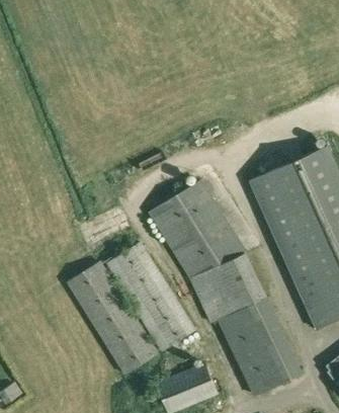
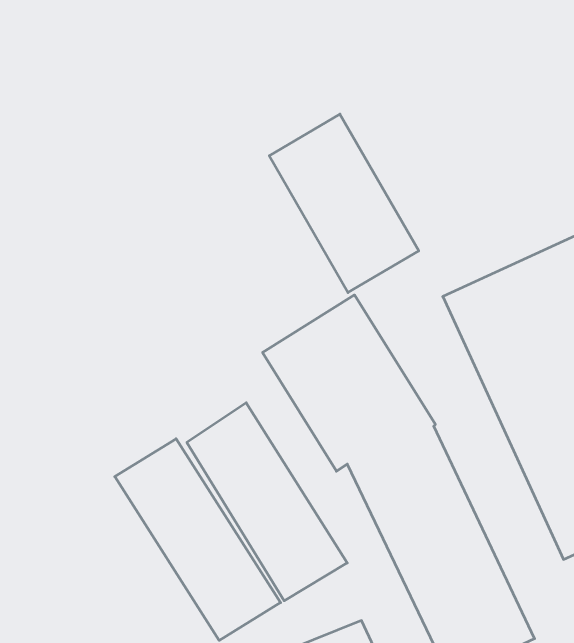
building: none -> [269,114,419,293]

